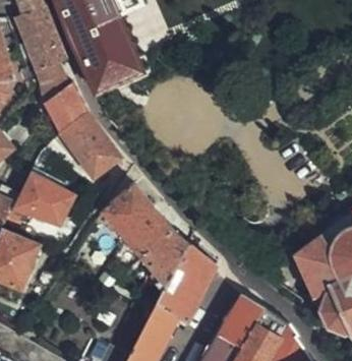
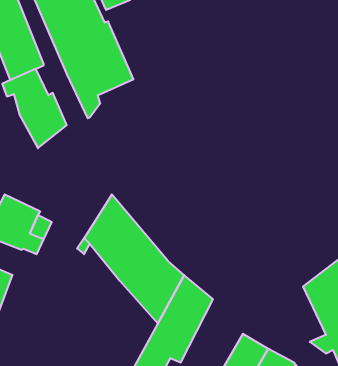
building: [61,114,119,178] -> none

